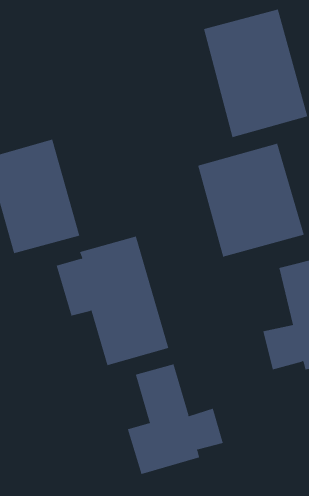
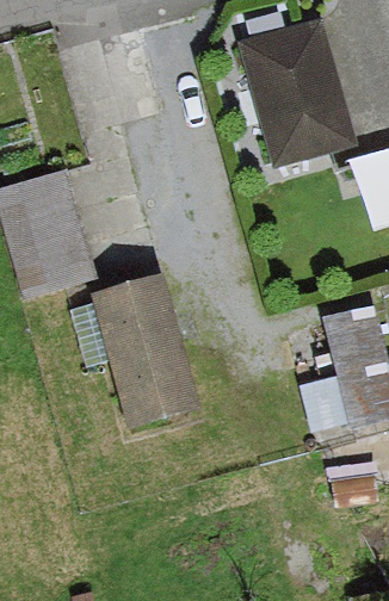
building: [197,143,304,257] -> none
building: [127,363,224,475] -> none

